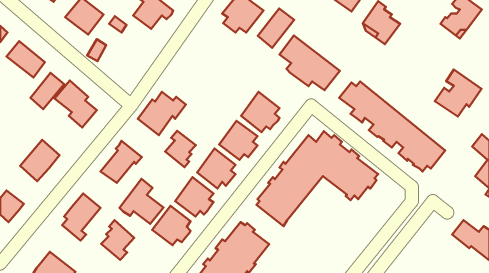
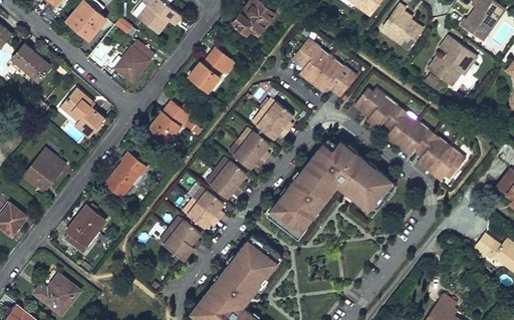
building: [258,8,294,48] -> none
building: none -> [119,38,156,80]
building: none -> [187,48,234,89]
building: [435,70,482,117] -> [429,39,478,88]
building: [30,73,64,109] -> none
building: [165,131,196,167] -> none
building: [120,179,163,224] -> none
building: [101,220,134,260] -> none

